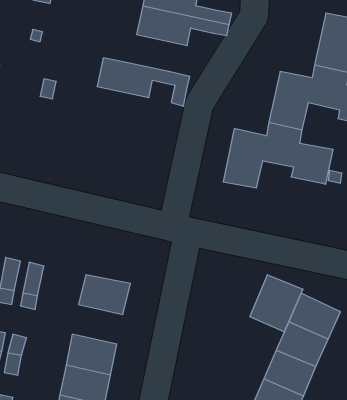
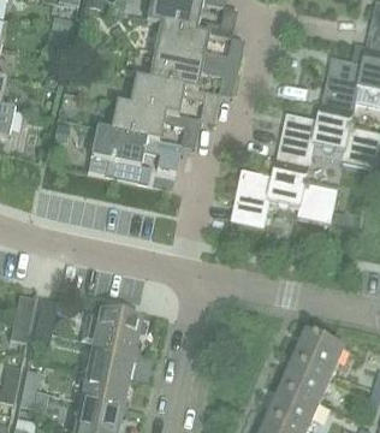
building: none -> [127,75,218,113]
building: none -> [87,125,180,182]
building: [250,275,303,332] -> none
building: none -> [84,339,133,378]

